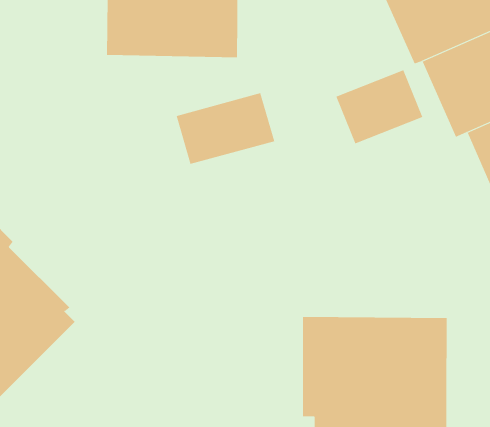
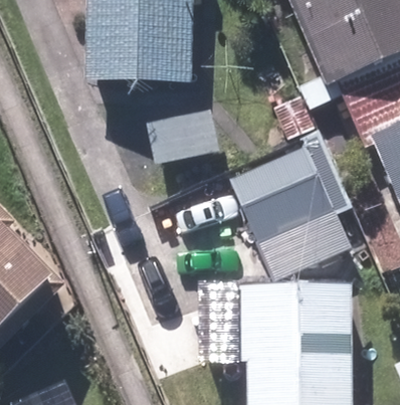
building: none -> [228,143,338,233]

